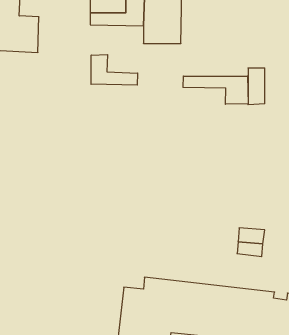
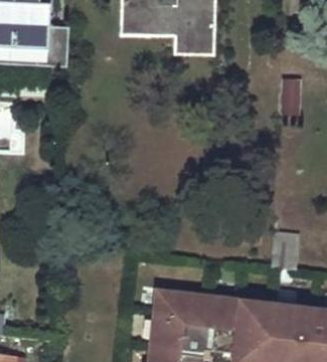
building: [91,55,138,85] -> none
building: [183,76,248,104] -> none

